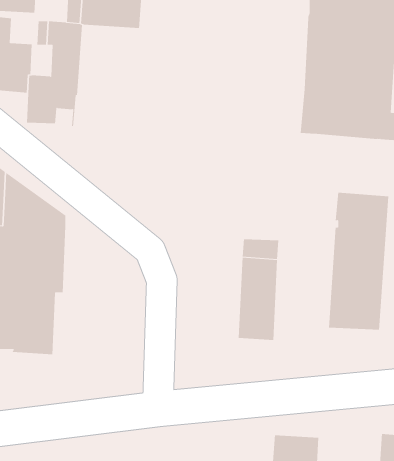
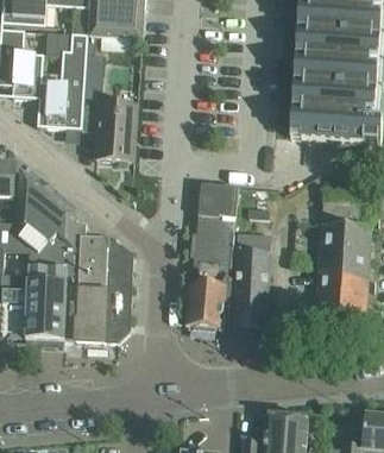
building: none -> [81,100,136,161]
building: none -> [187,182,238,326]
building: none -> [62,220,132,341]

